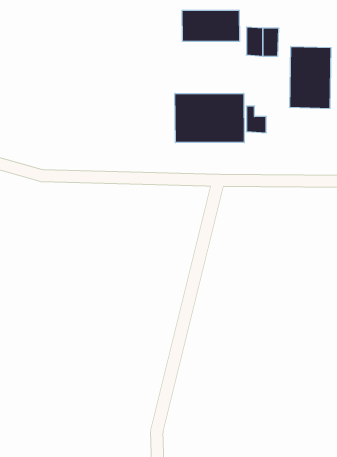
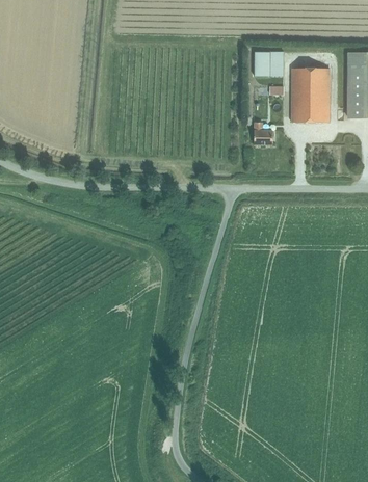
building: [182,10,240,41] -> none
building: [175,93,244,143] -> none

